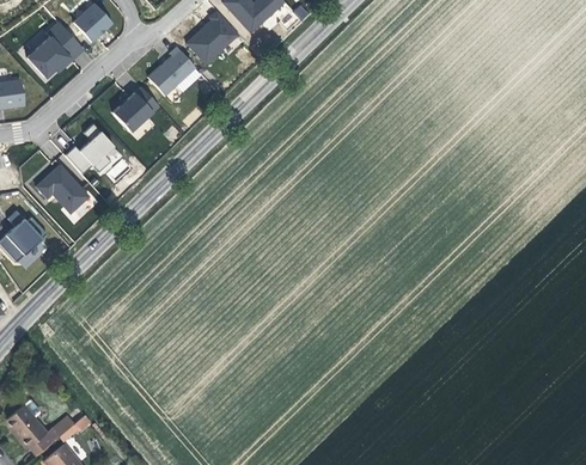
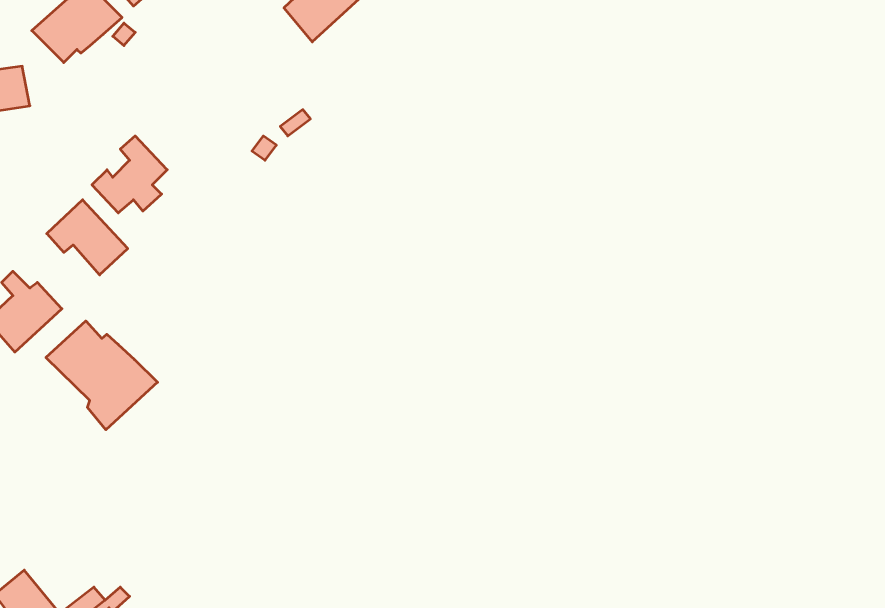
building: [147,47,197,98] -> none
building: [111,87,158,131] -> none
building: none -> [46,321,158,430]

